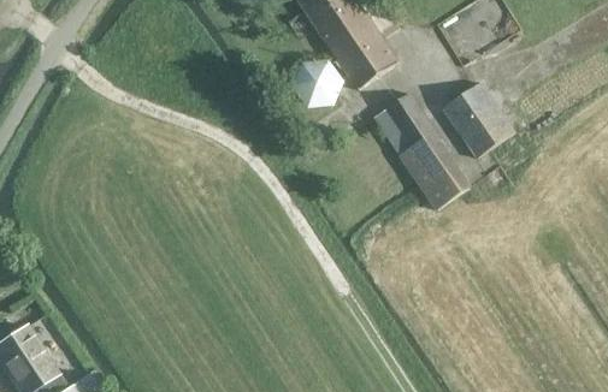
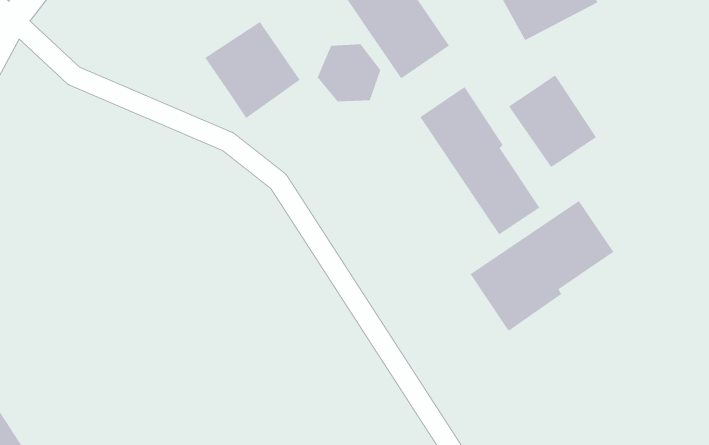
building: none -> [204,21,301,119]
building: none -> [470,200,614,331]

